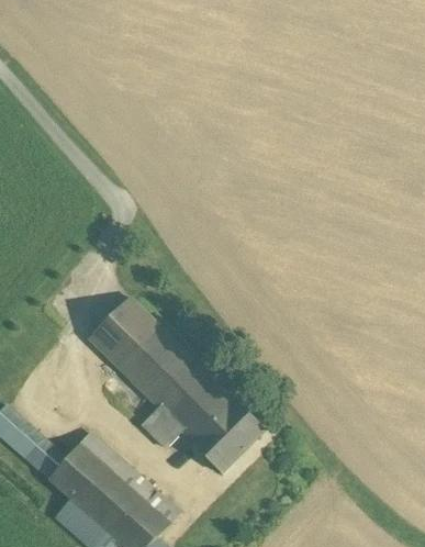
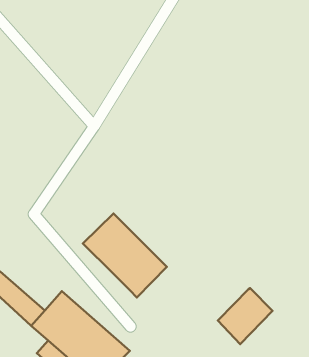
building: [88,297,158,367] -> none
building: [189,398,264,473] -> [218,288,273,344]
building: [141,408,180,447] -> none

